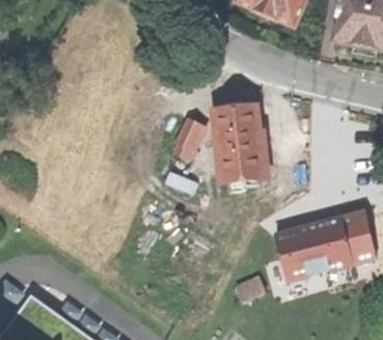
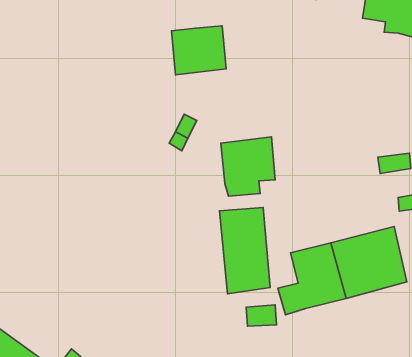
building: [215,102,259,142] -> [172,26,226,75]
building: none -> [220,208,270,294]

